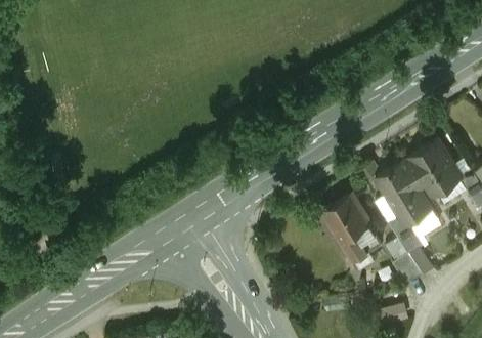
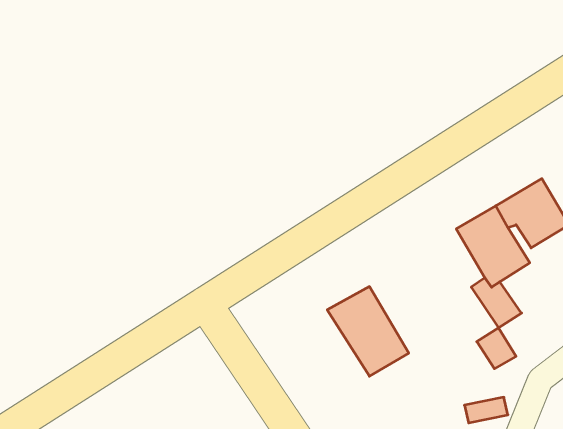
building: [319,194,381,261] -> [327,287,409,376]

